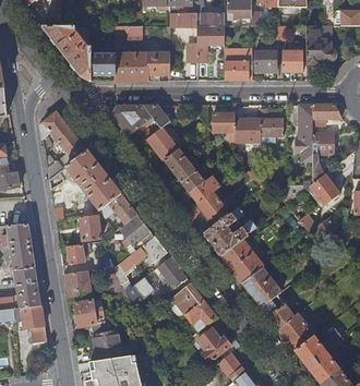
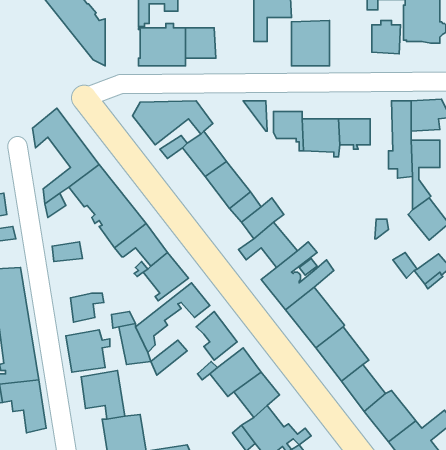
building: [255,47,276,71] -> none
building: [91,53,116,74] -> none
building: [79,210,103,241] -> none

